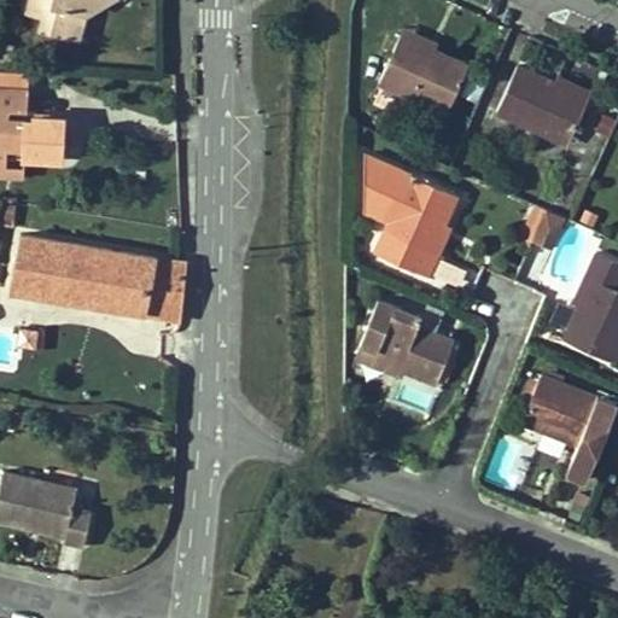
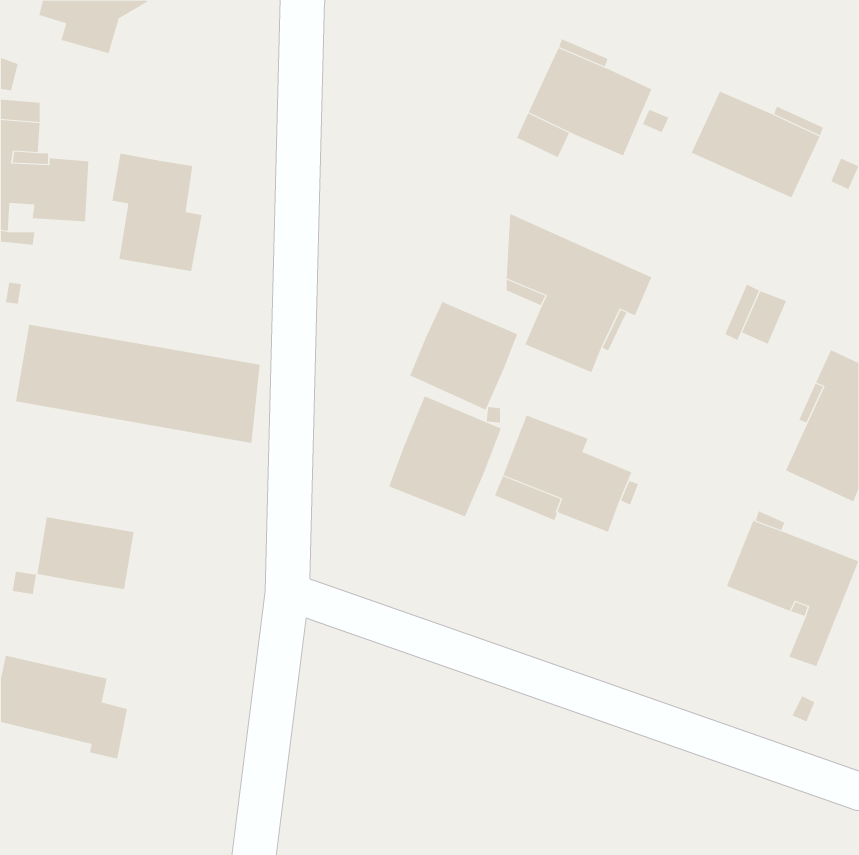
building: none -> [112,153,202,272]
building: none -> [410,301,518,410]
building: none -> [389,396,501,517]
building: none -> [37,516,134,590]

